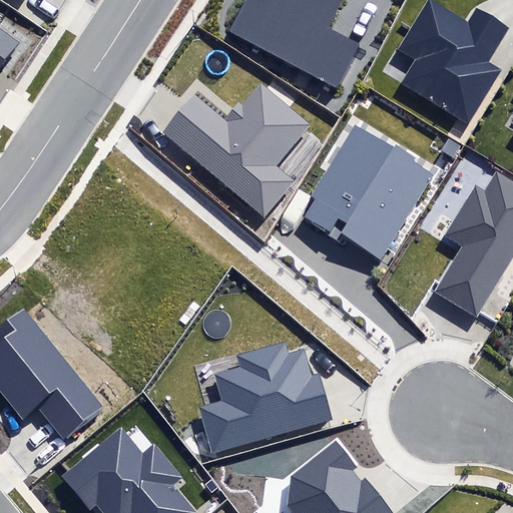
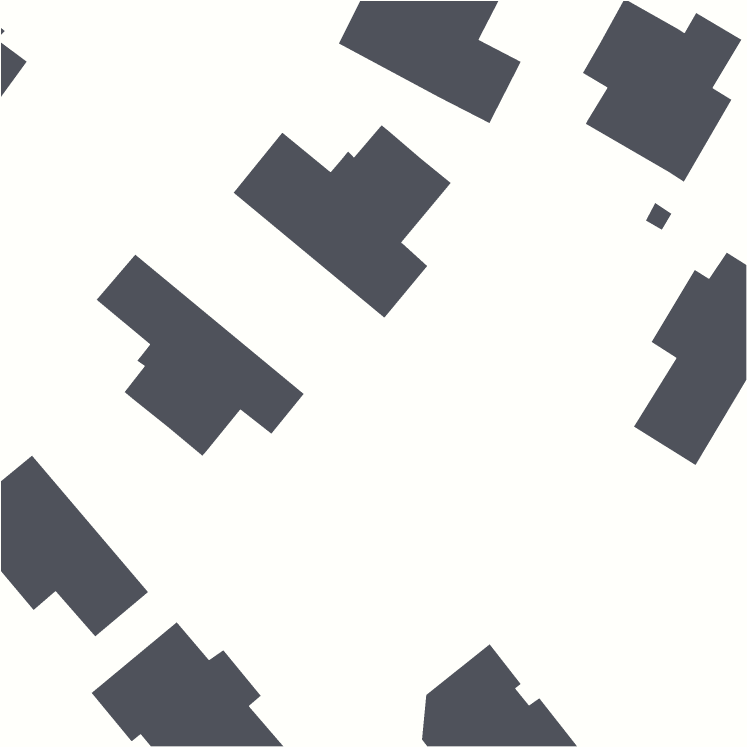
building: [307,126,433,258] -> none
building: none -> [96,254,305,457]
building: [196,345,334,455] -> none

